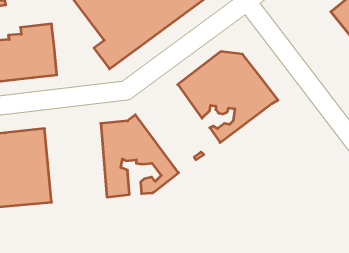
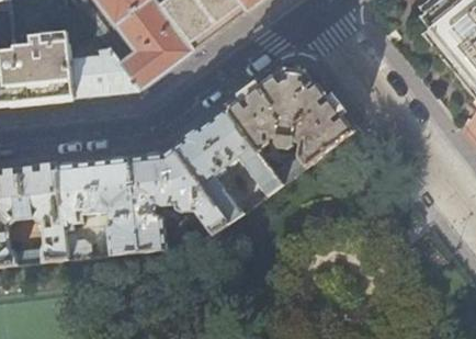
building: none -> [69,55,139,97]
building: none -> [172,109,280,221]
building: none -> [57,158,136,258]

